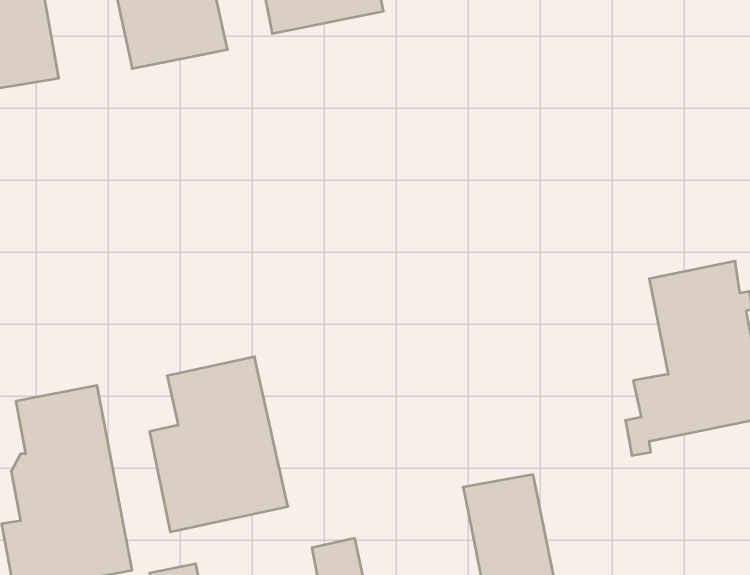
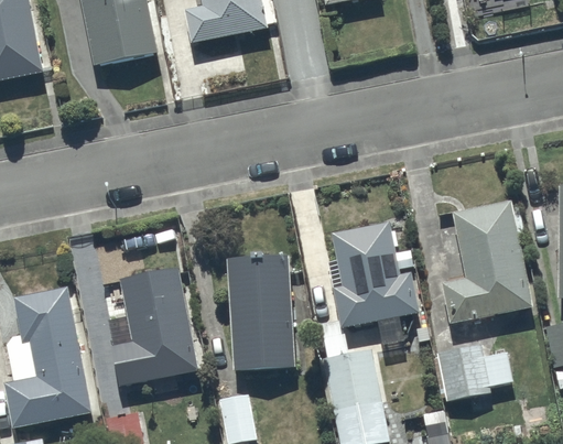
building: none -> [326,221,422,345]
building: none -> [226,249,296,371]
building: none -> [434,339,512,401]

